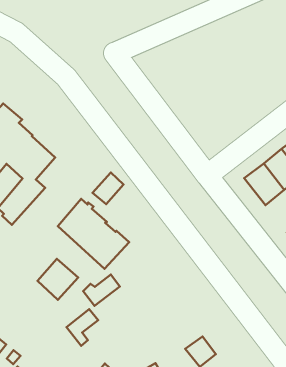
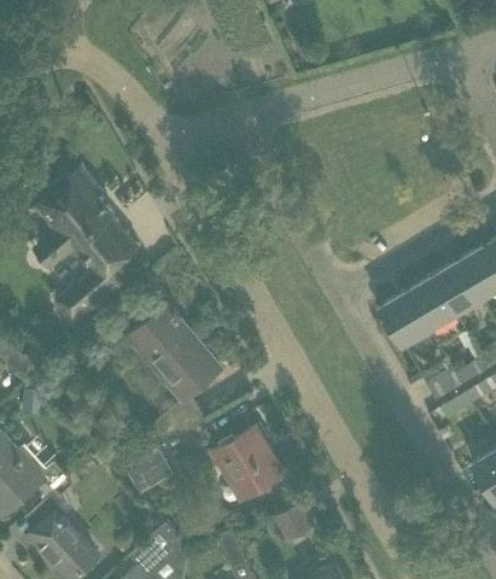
building: [92,172,124,204] -> none
building: [38,259,78,300] -> none
building: none -> [214,431,282,498]

